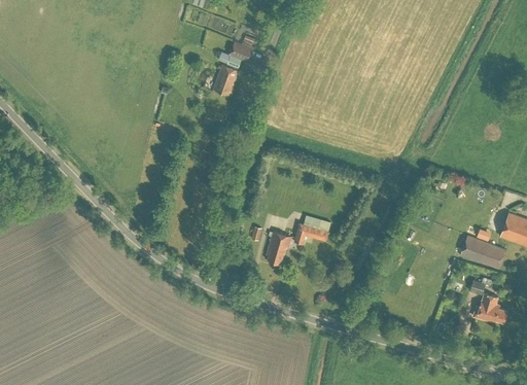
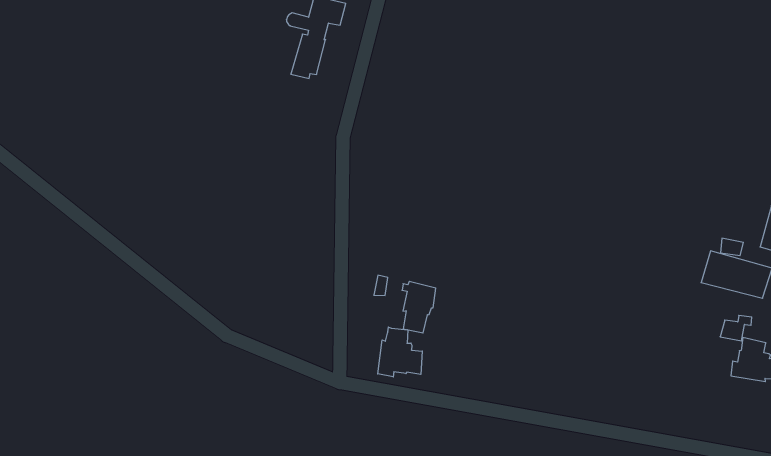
building: [293,224,328,247] -> none
building: none -> [378,327,422,377]

